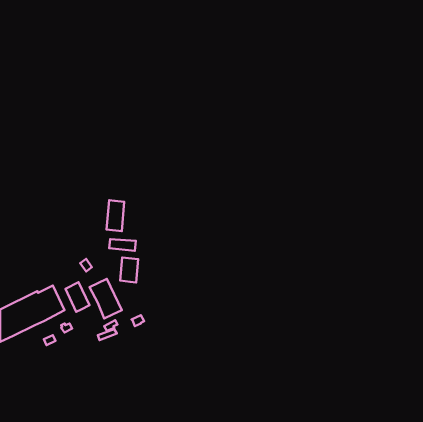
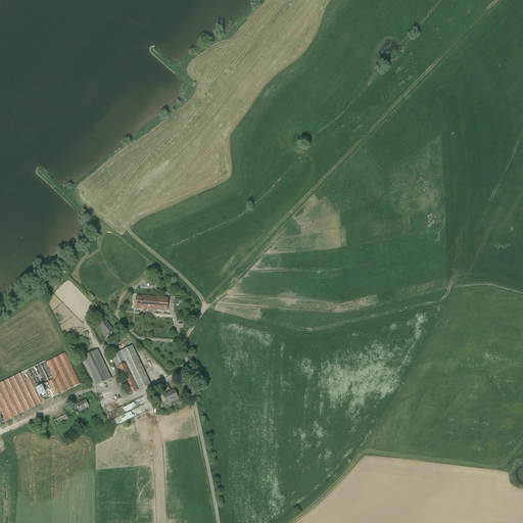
building: [107,200,124,231] -> none
building: [120,257,138,282] -> none

